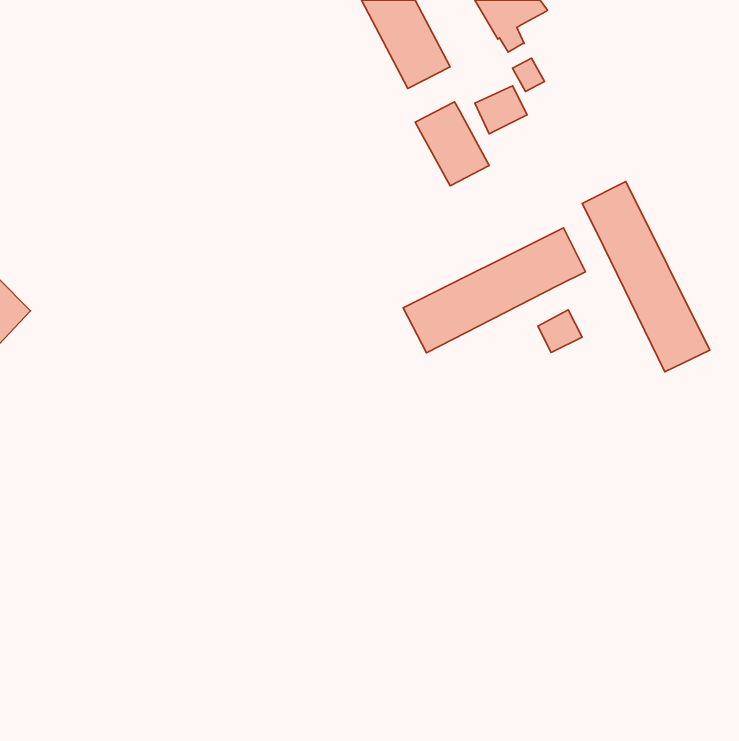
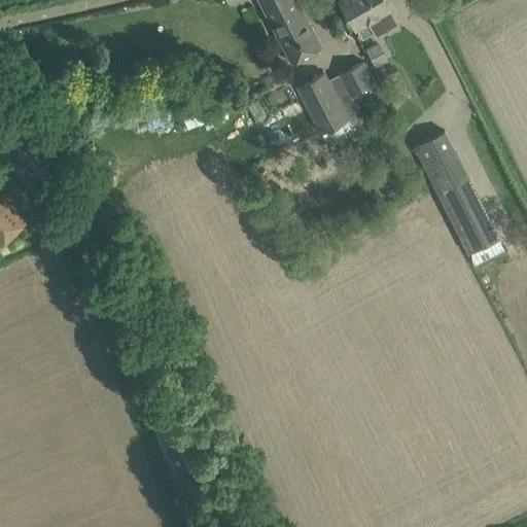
building: [403,228,585,353] -> none
building: [538,310,582,353] -> none

